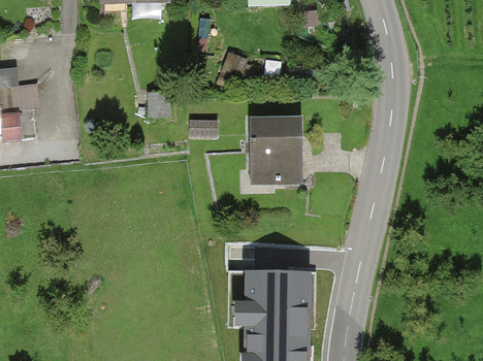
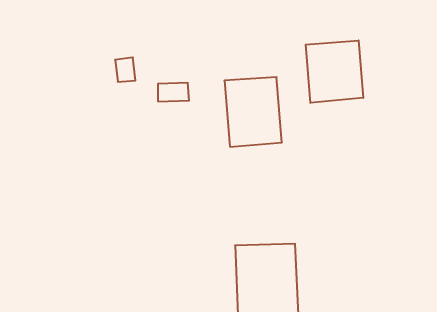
building: none -> [306,40,363,103]

